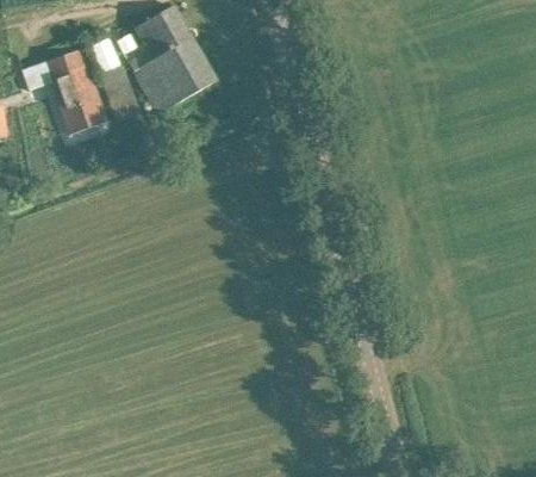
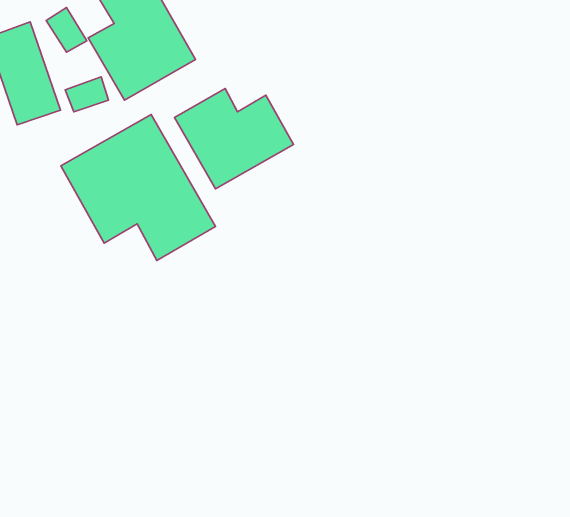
building: none -> [175,88,293,189]
building: none -> [61,114,215,260]

